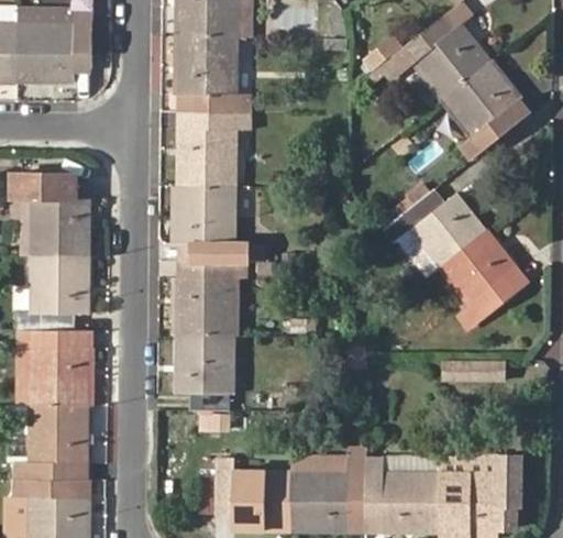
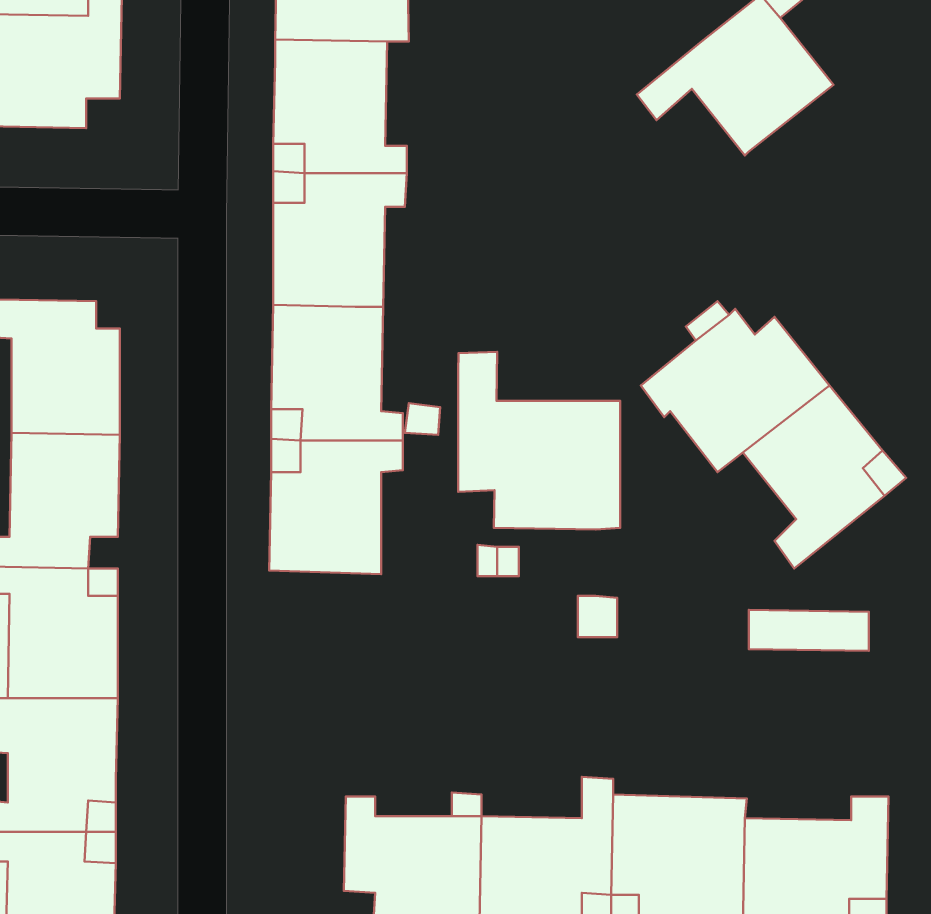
building: [442,61,529,155] -> none
building: none -> [458,352,620,530]
building: [173,332,236,409] -> none

